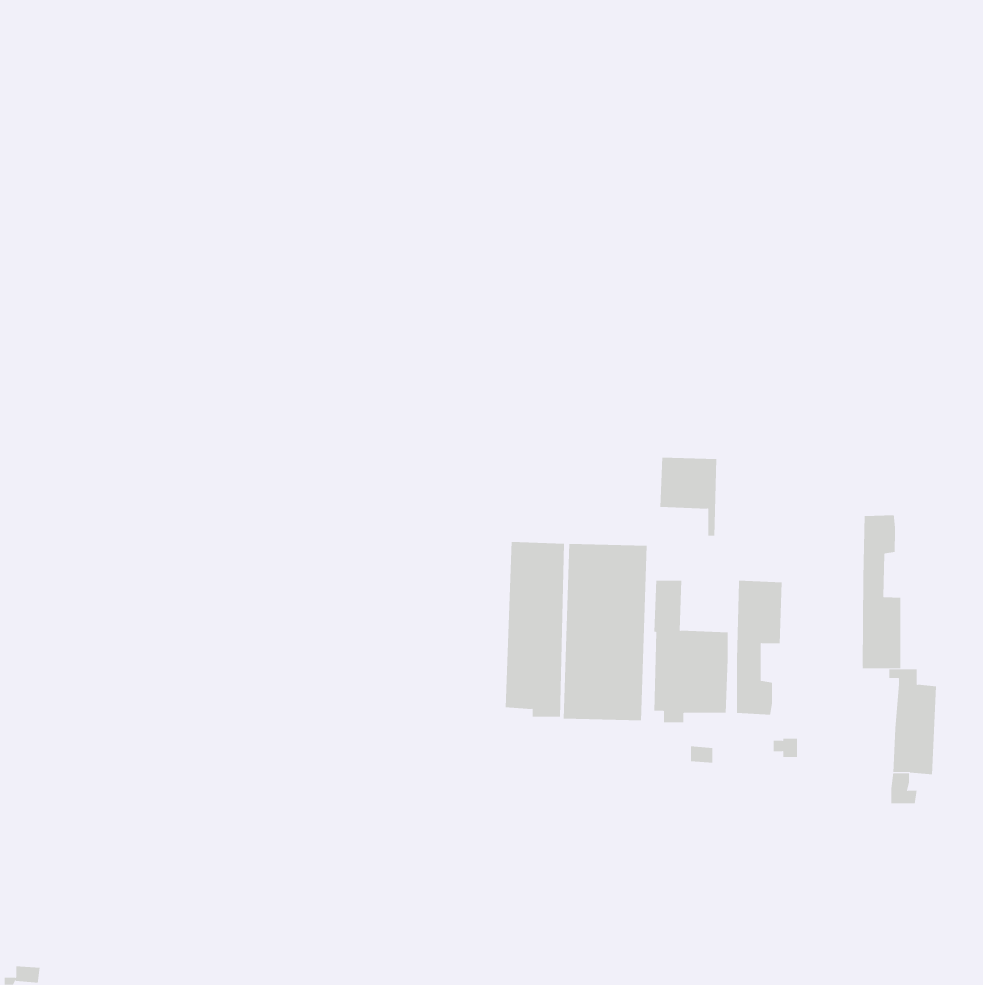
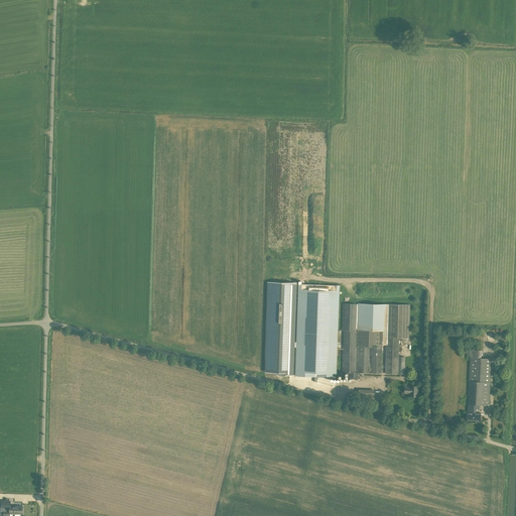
building: [659,457,717,536] -> [356,303,386,345]
building: [862,515,901,669] -> none

